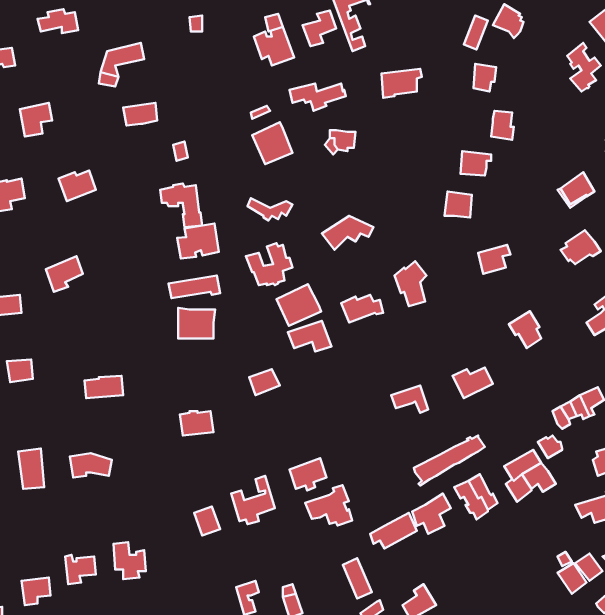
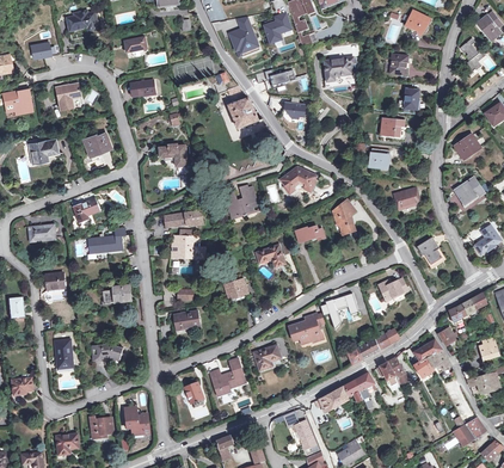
building: [177,223,219,259] -> none
building: [277,284,321,326] -> none
building: none -> [88,228,127,252]
building: [305,485,352,525] -> [288,313,322,343]

